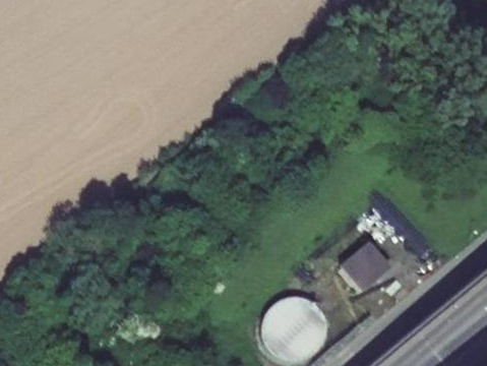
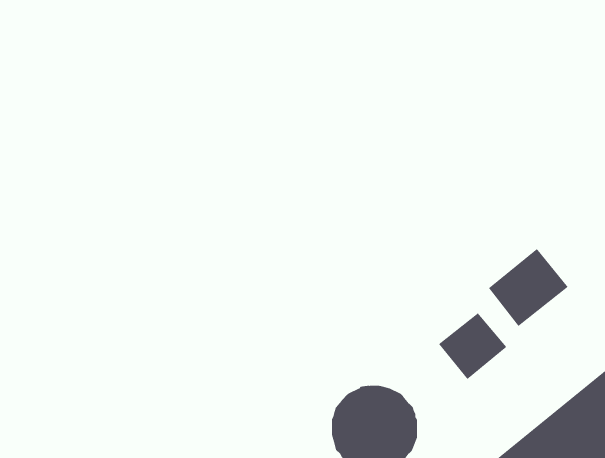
building: none -> [488,248,569,327]

